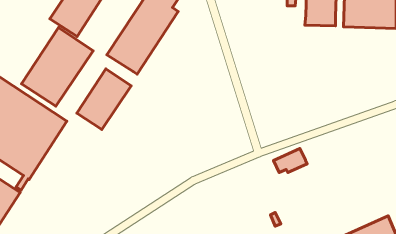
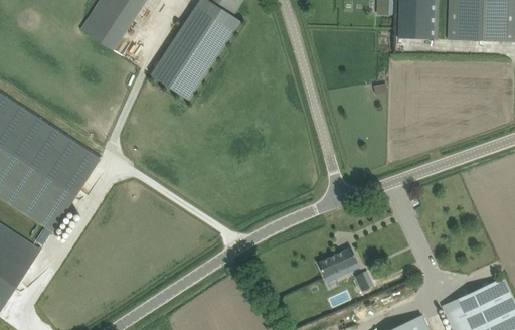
building: [21,27,93,106] -> none
building: [77,69,131,129] -> none
building: [273,149,307,173] -> [317,248,359,278]

